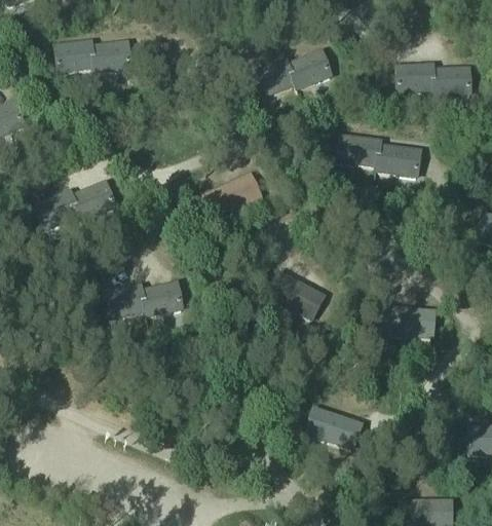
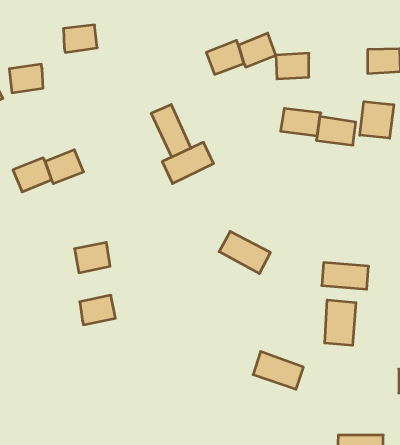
building: [58,40,96,72] -> [9,64,43,93]
building: [399,64,436,92] -> [276,53,309,79]
building: none -> [360,102,394,138]
building: none -> [151,104,191,157]
building: [144,283,184,315] -> [80,295,115,325]
building: none -> [325,300,356,345]

